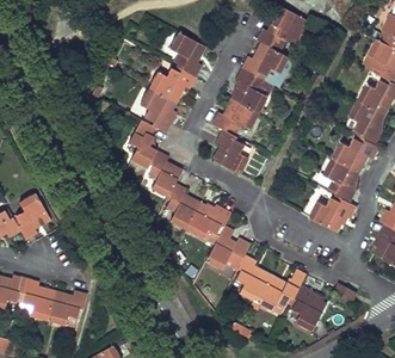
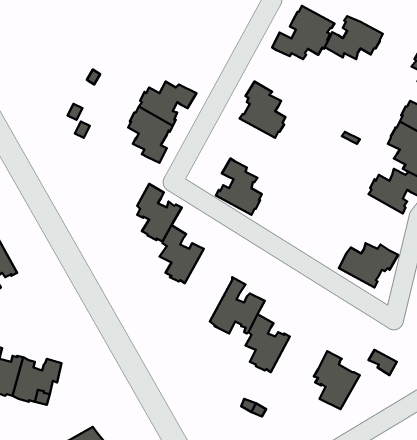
building: [168,32,205,76] -> none
building: [241,42,288,76] -> [325,16,383,59]
building: [211,97,258,132] -> none
building: [128,119,156,167] -> none
building: [323,158,360,203] -> none
building: [185,202,230,239] -> none
building: [254,268,304,310] -> none

